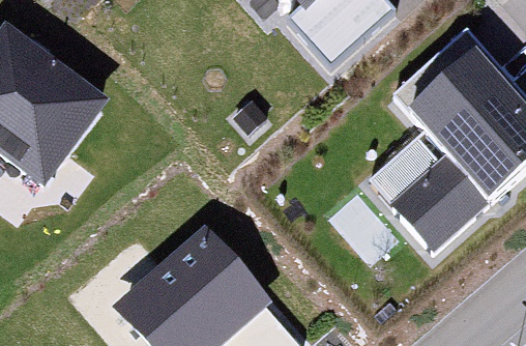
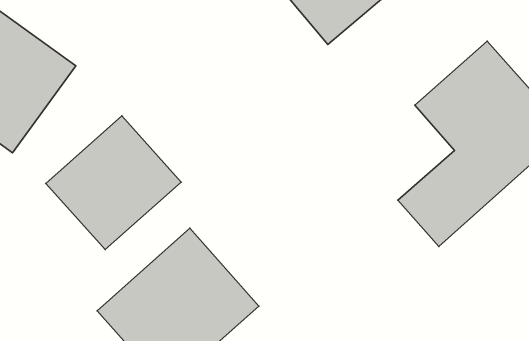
building: none -> [46,116,181,250]

